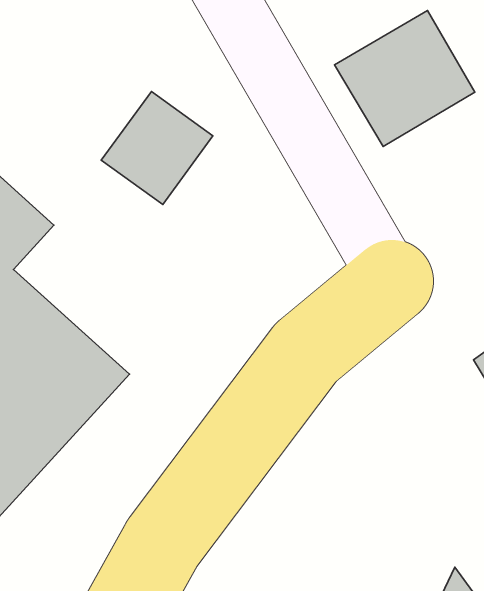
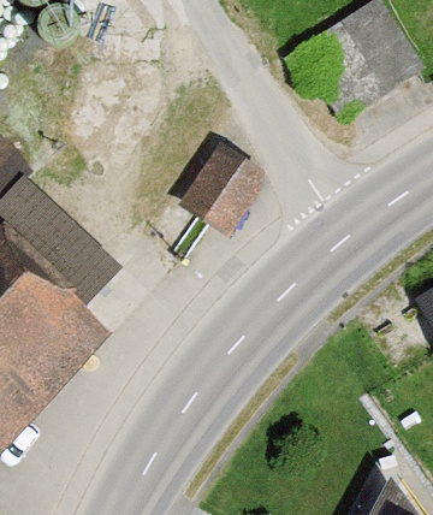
building: [101,91,213,205] -> [174,130,268,225]

